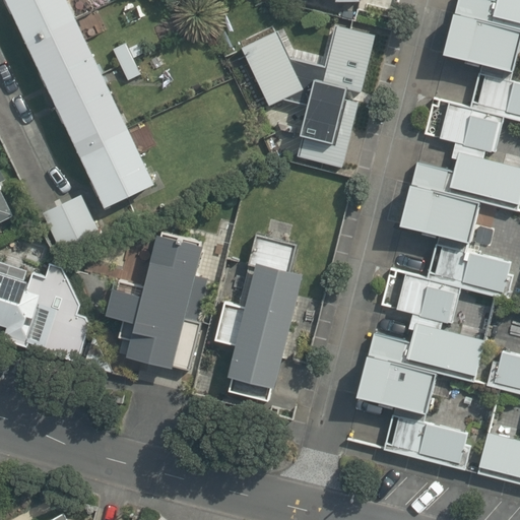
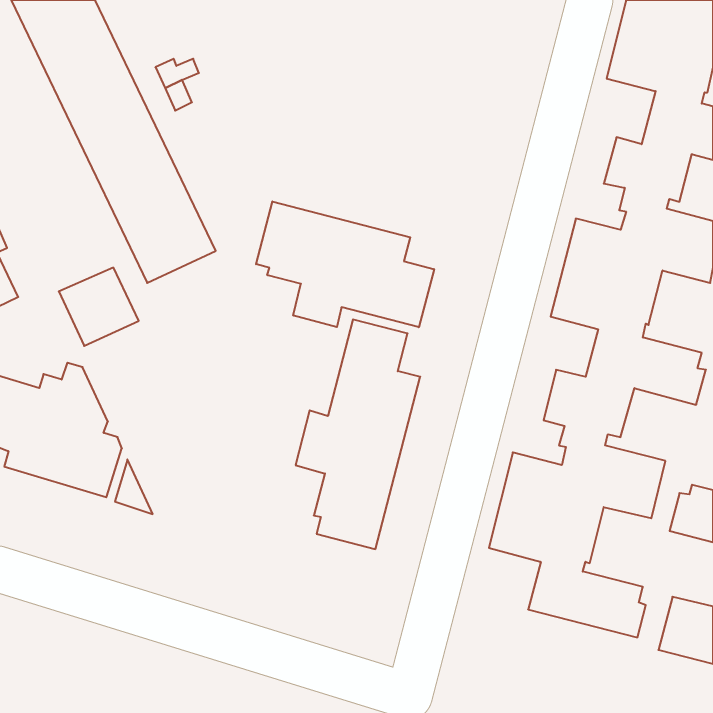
building: [240,23,374,167] -> none
building: none -> [256,201,434,327]
building: [106,236,208,371] -> none

